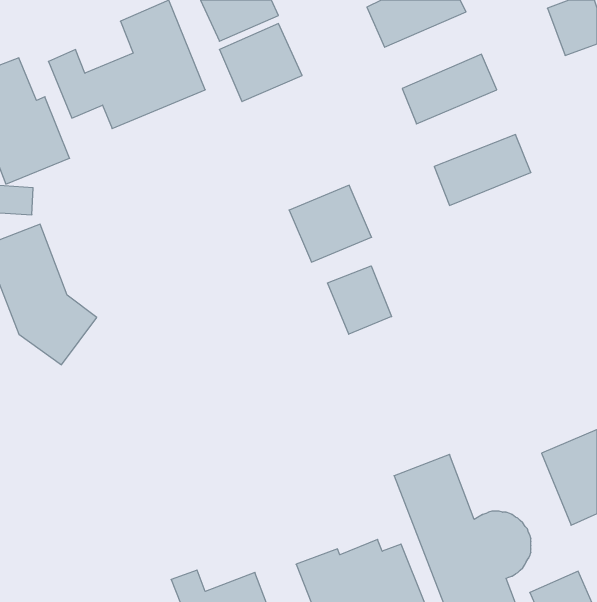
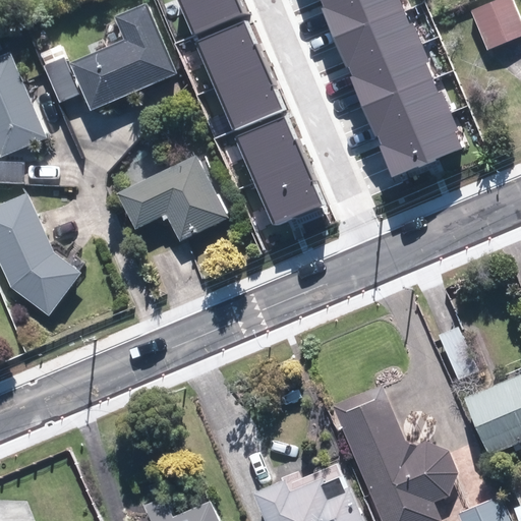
building: none -> [332,11,418,77]
building: none -> [209,66,280,133]
building: none -> [359,78,445,144]
building: none -> [230,116,301,182]
building: none -> [121,152,234,241]
building: [328,266,392,334] -> none

